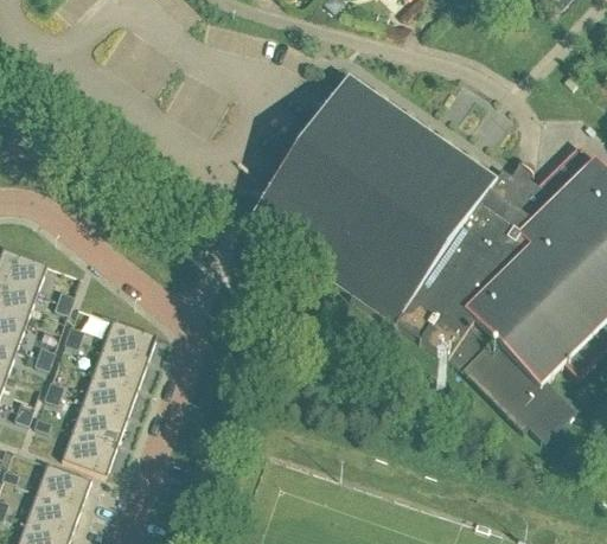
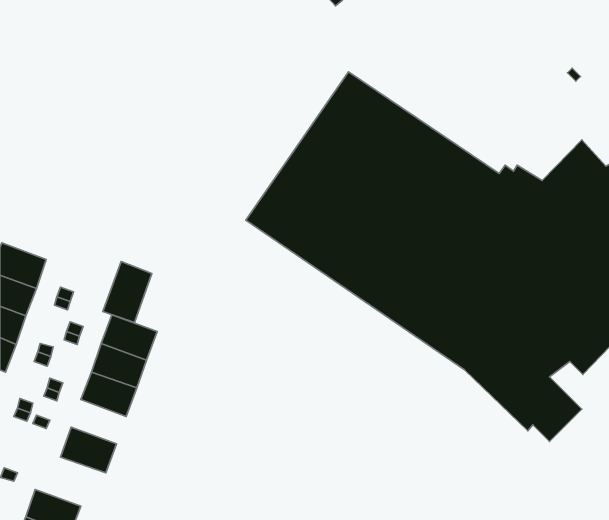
building: none -> [103,262,152,322]
building: [72,401,127,444] -> none
building: [37,461,91,506] -> none

